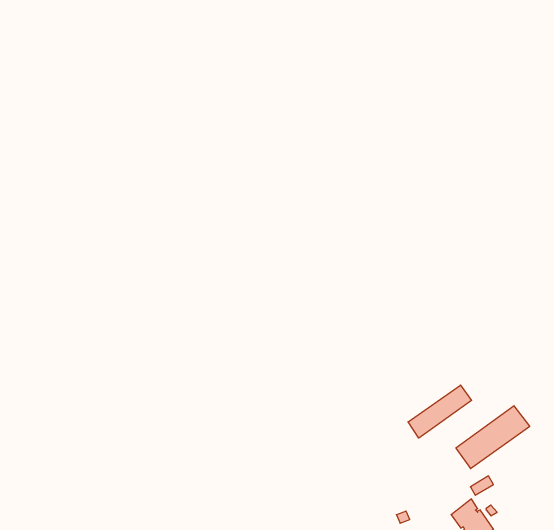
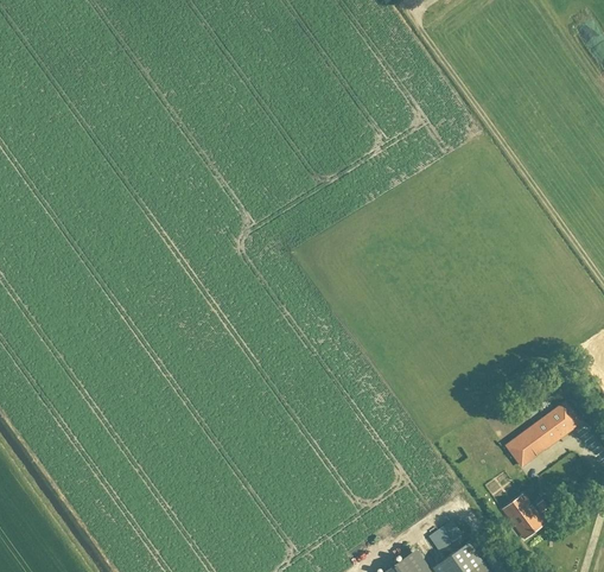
building: [408,385,472,438] -> none

